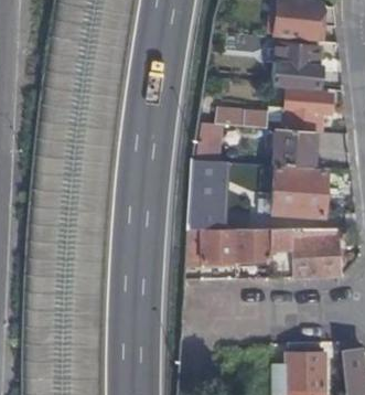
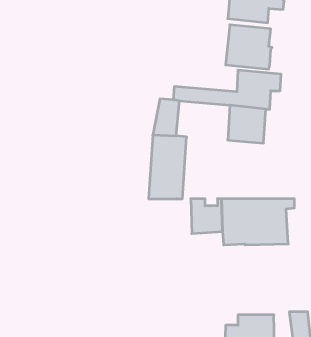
building: [272,164,325,216] -> none
building: [201,227,236,267] -> none

